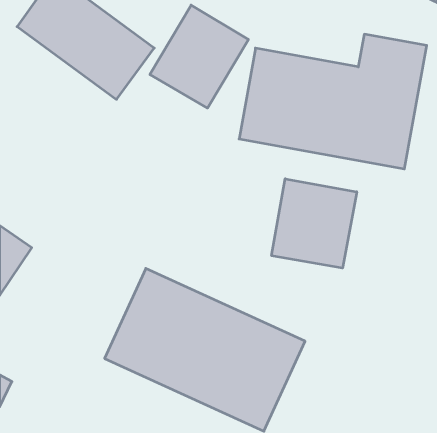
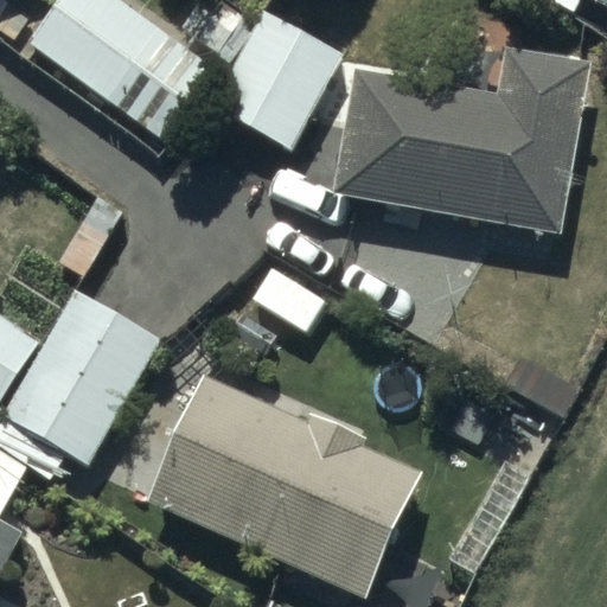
building: [272,179,357,268] -> none
building: none -> [12,295,154,462]

